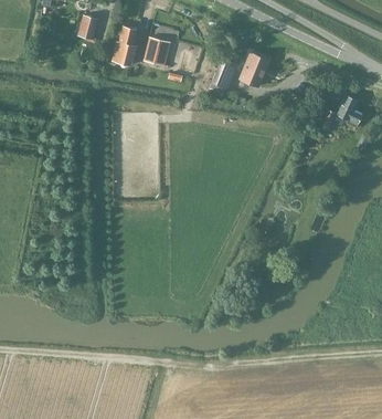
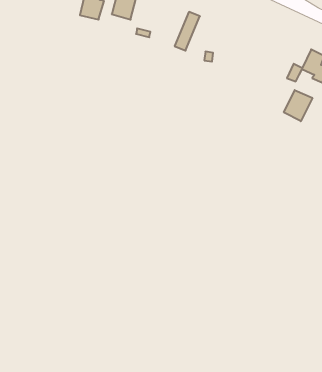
building: [240,52,268,86] -> none
building: none -> [284,90,312,121]

